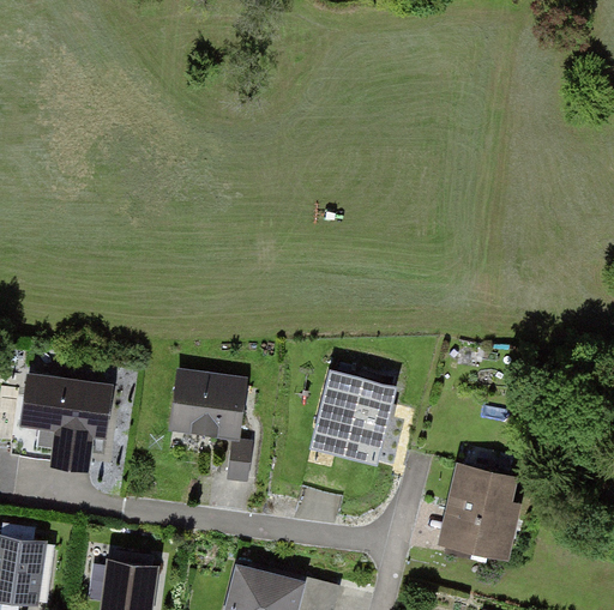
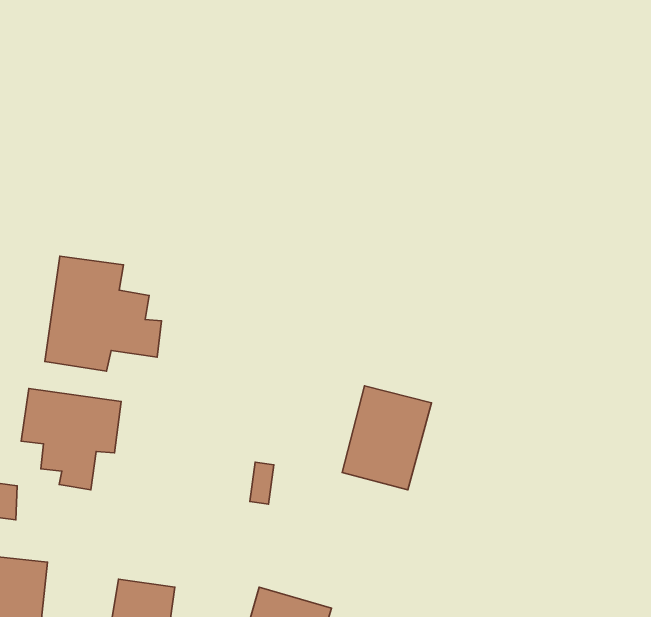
building: none -> [45,256,161,371]
building: [174,373,243,434] -> none
building: [439,465,519,560] -> none

